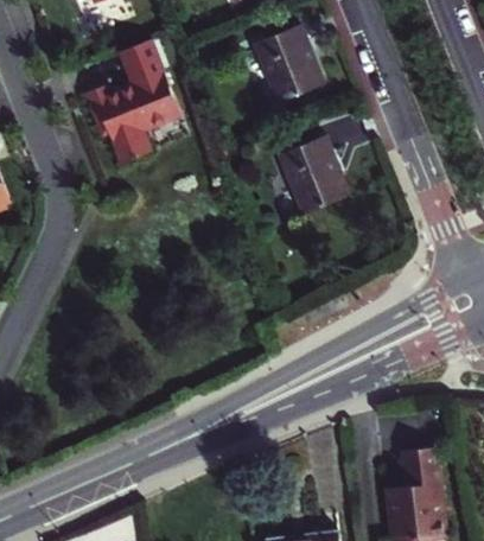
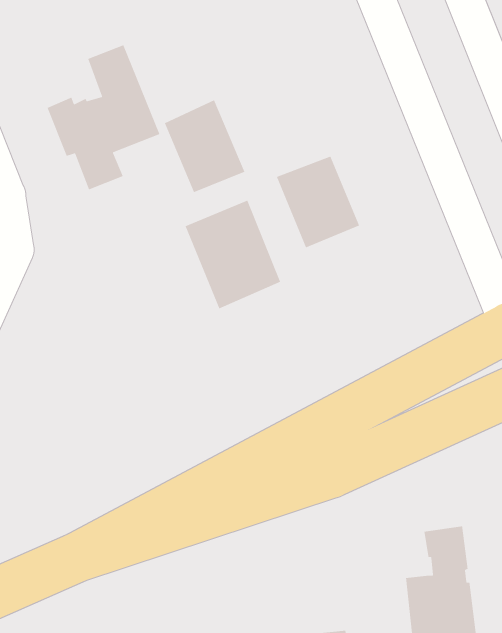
building: [255,21,324,101] -> [164,99,245,193]
building: none -> [184,200,281,310]

